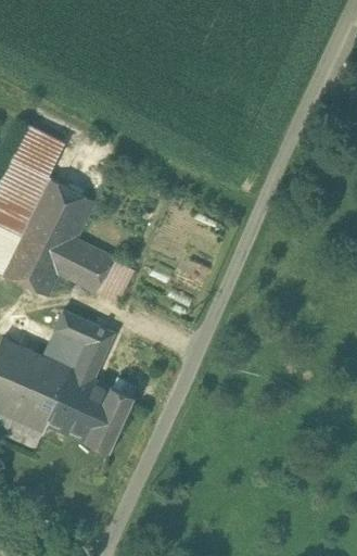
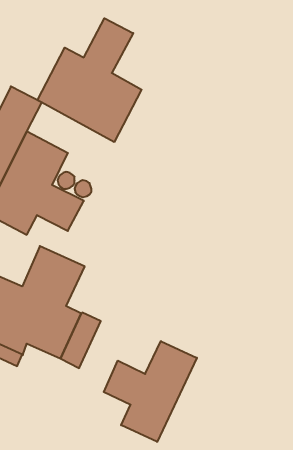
building: none -> [37,18,142,142]
building: none -> [104,341,197,442]

